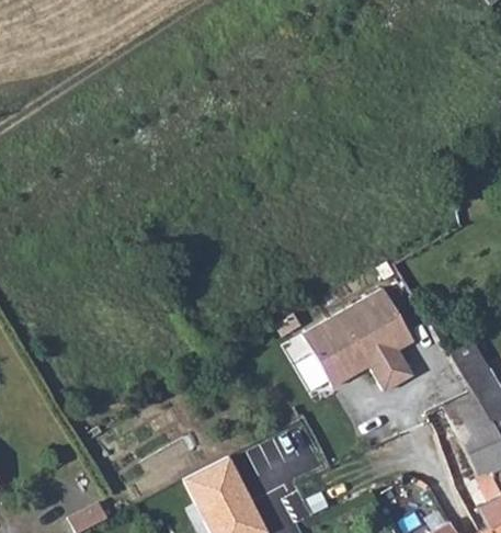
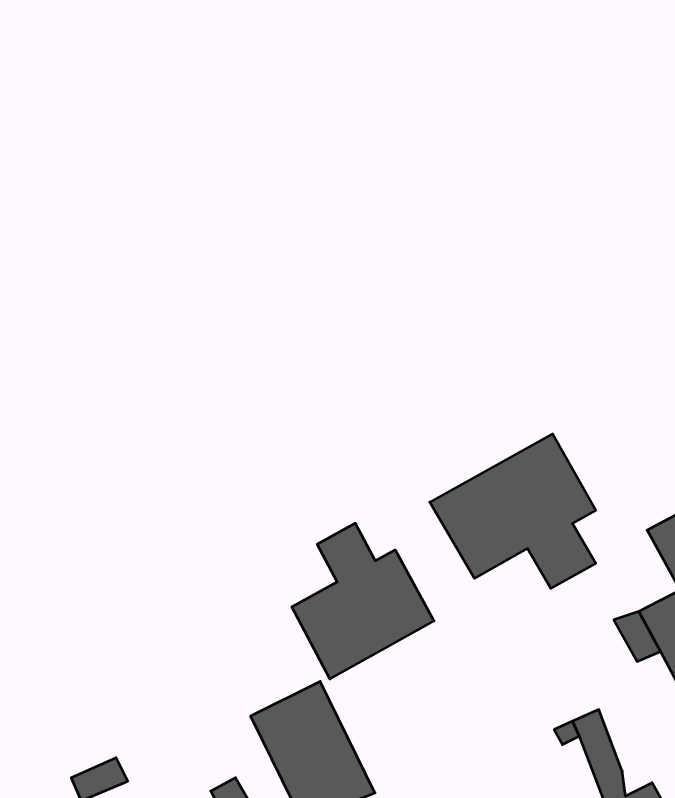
building: none -> [292,523,434,679]

